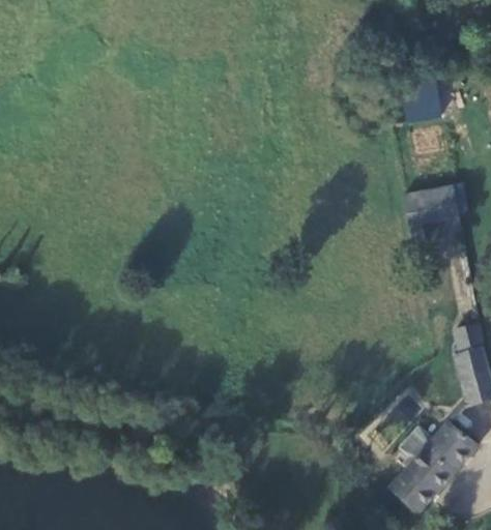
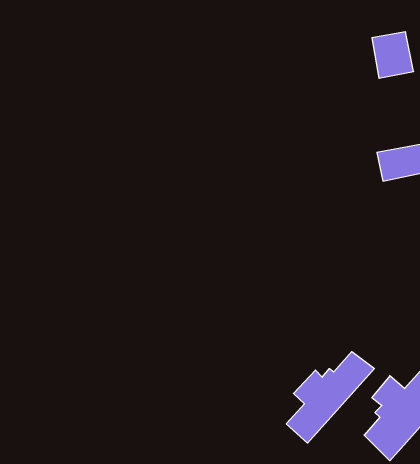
building: none -> [286,352,374,443]

